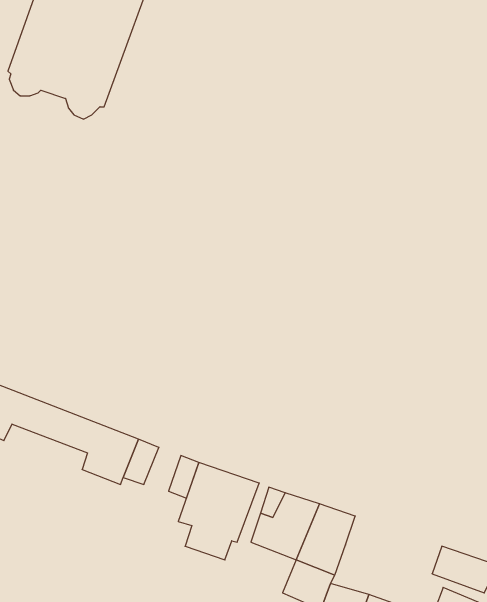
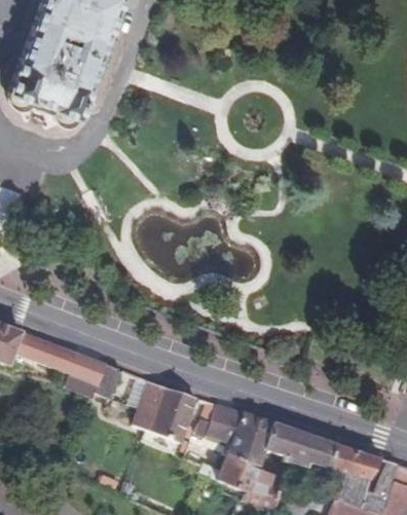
building: none -> [265,422,337,466]

